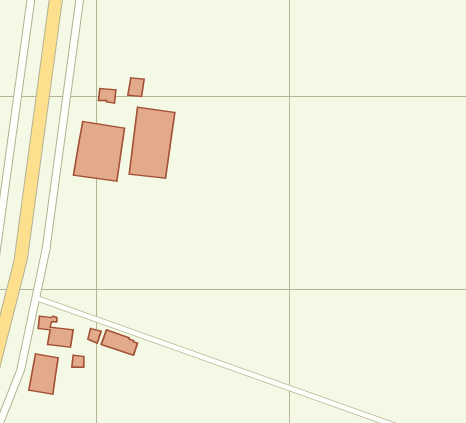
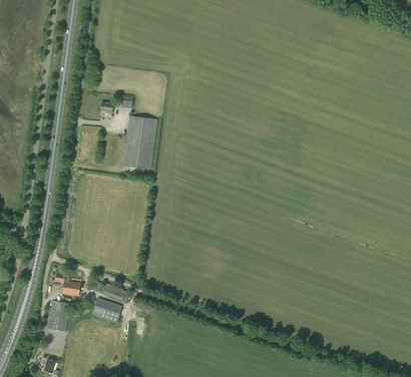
building: [73,121,124,181] -> none
building: none -> [91,297,121,323]

